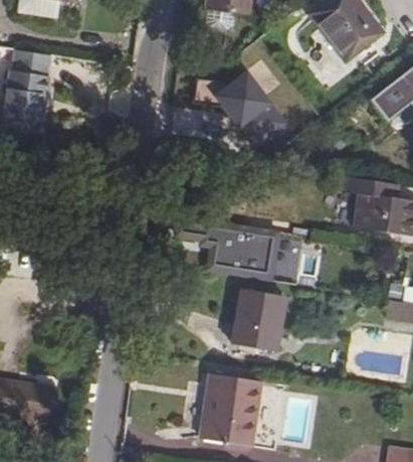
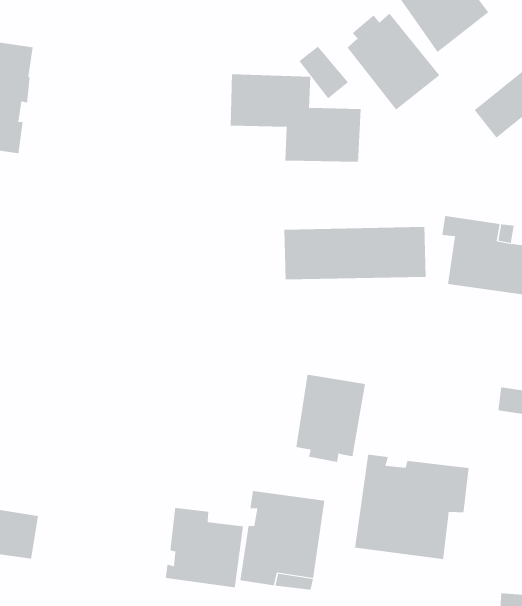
building: none -> [347,13,440,111]
building: [200,234,302,272] -> [283,227,426,280]
building: none -> [355,454,469,560]
building: none -> [165,507,243,588]

